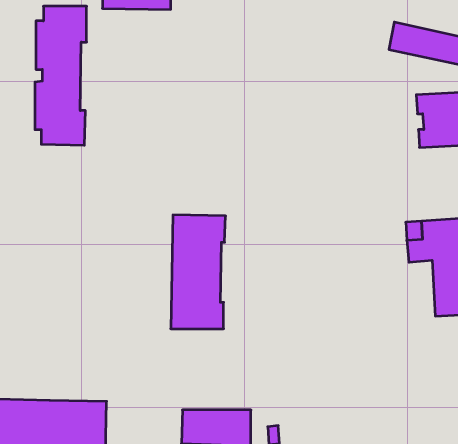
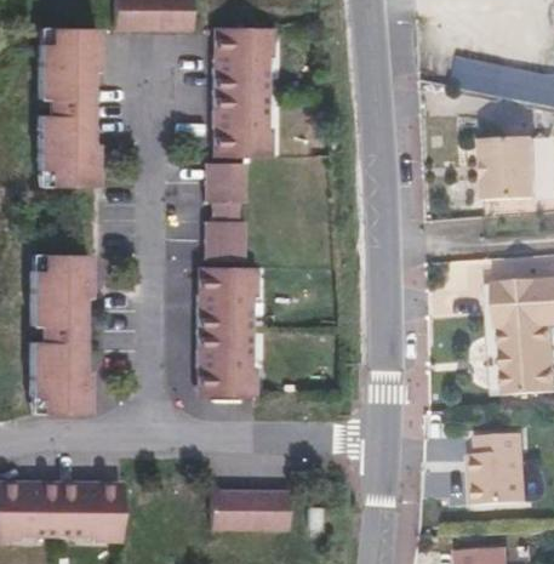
building: none -> [215,30,278,161]
building: none -> [207,166,247,264]
building: none -> [32,255,91,415]
building: none -> [467,427,522,499]

